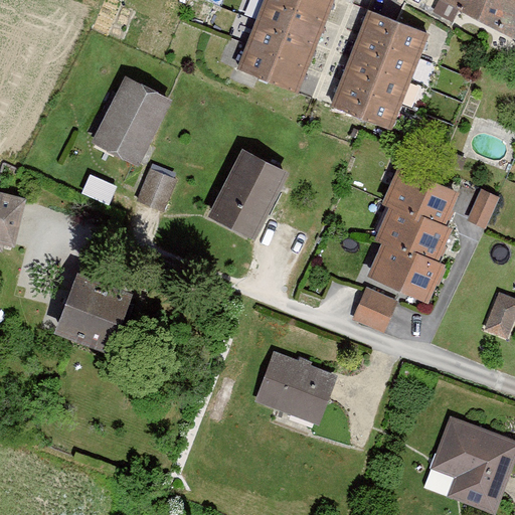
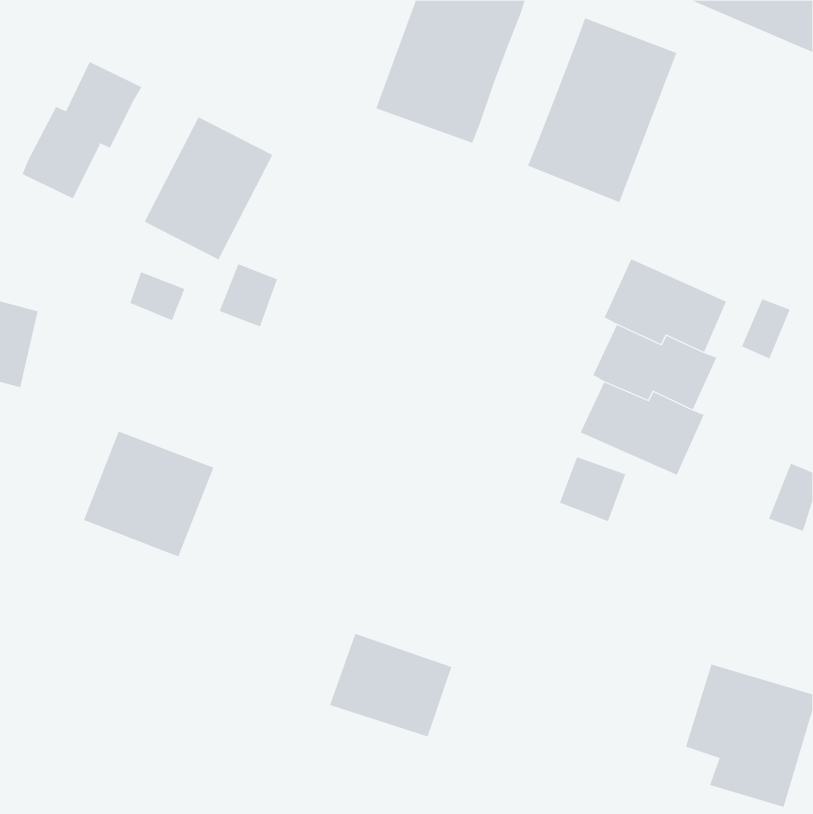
building: none -> [22,61,142,199]
building: [209,148,286,235] -> none
building: [255,356,333,421] -> [329,633,452,737]

